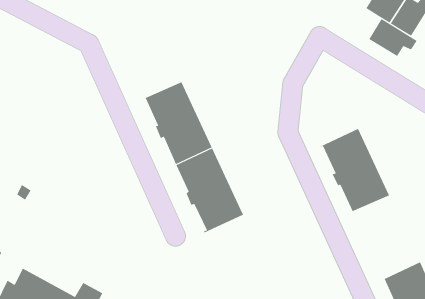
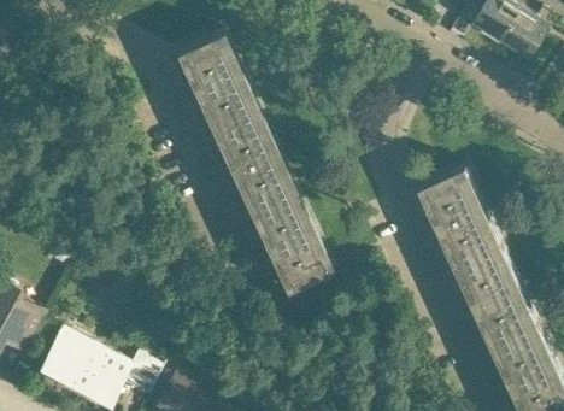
building: none -> [172,31,255,130]
building: [369,18,417,57] -> none
building: none -> [457,246,537,345]

